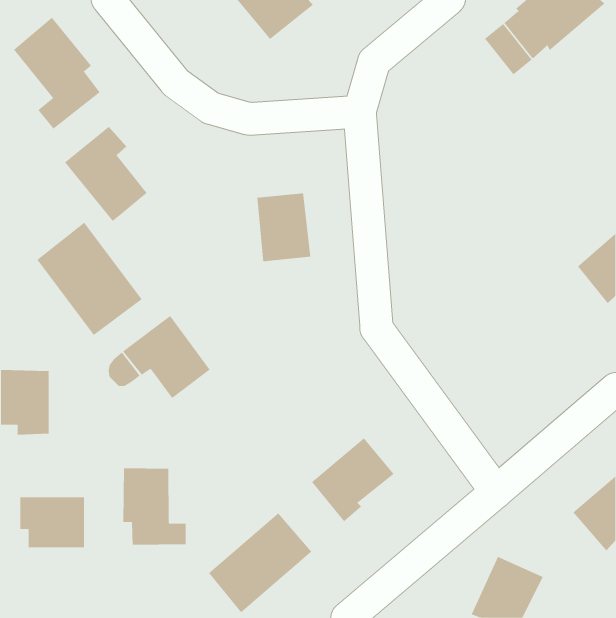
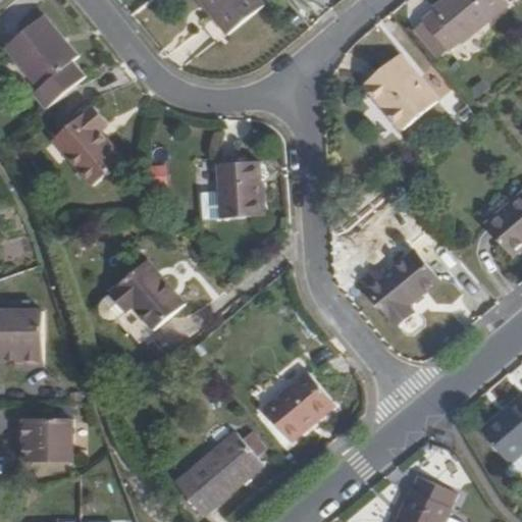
building: none -> [364,55,435,129]
building: [36,222,143,336] -> none
building: none -> [362,252,436,322]
building: [123,467,186,545] -> none

